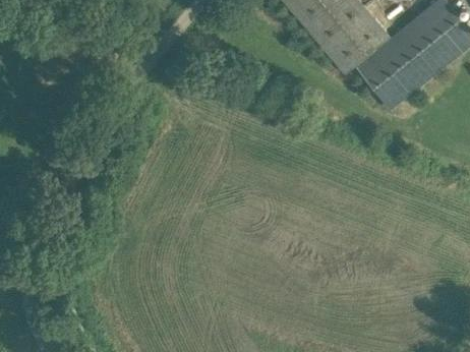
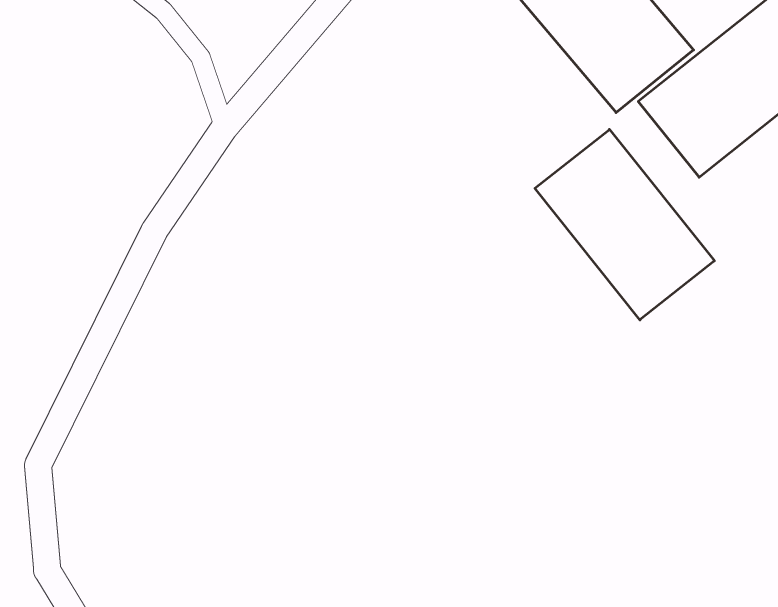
building: none -> [535,129,714,320]

